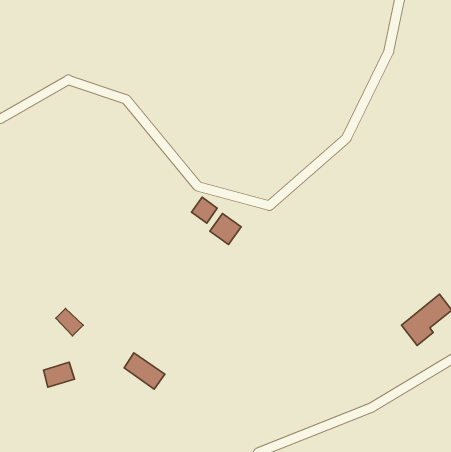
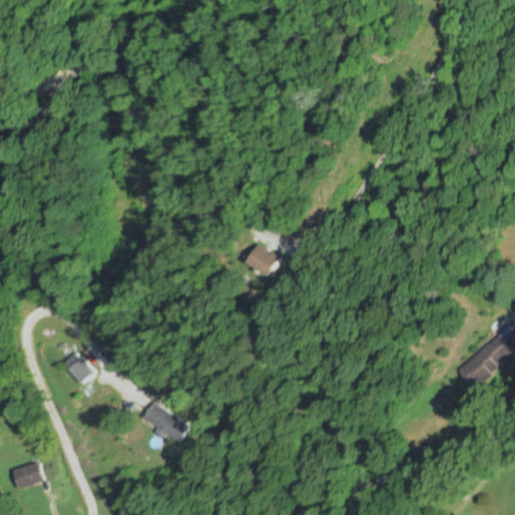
building: [192,197,217,223] -> none
building: [43,362,74,387] -> [13,461,48,489]

